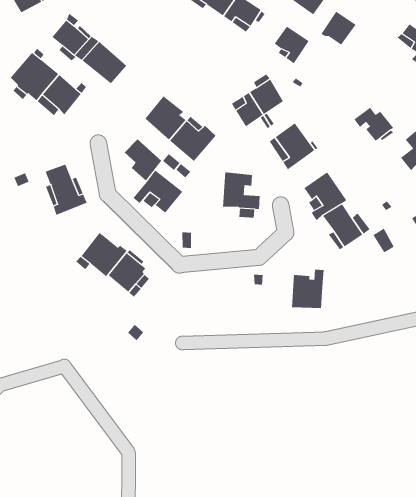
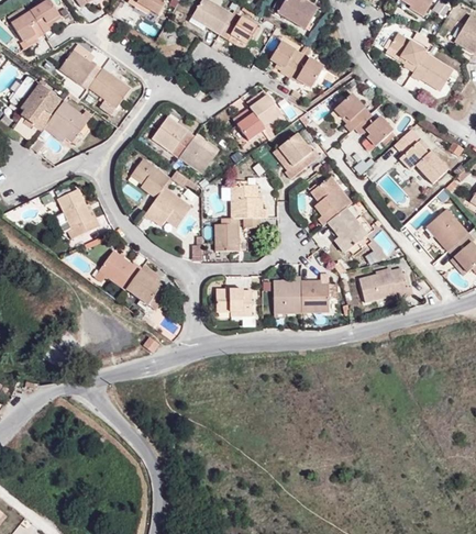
building: [321,11,357,46] -> [291,53,325,86]
building: none -> [330,91,367,129]
building: none -> [218,216,246,251]
building: none -> [278,272,305,312]
building: none -> [358,267,409,301]
building: none -> [221,286,259,314]

